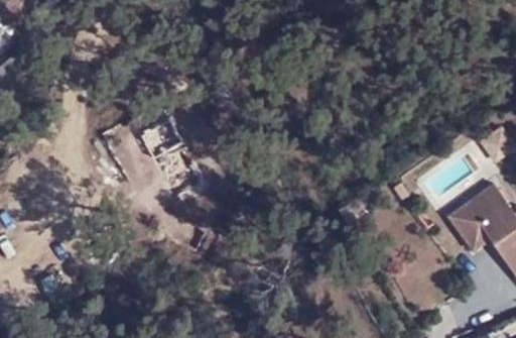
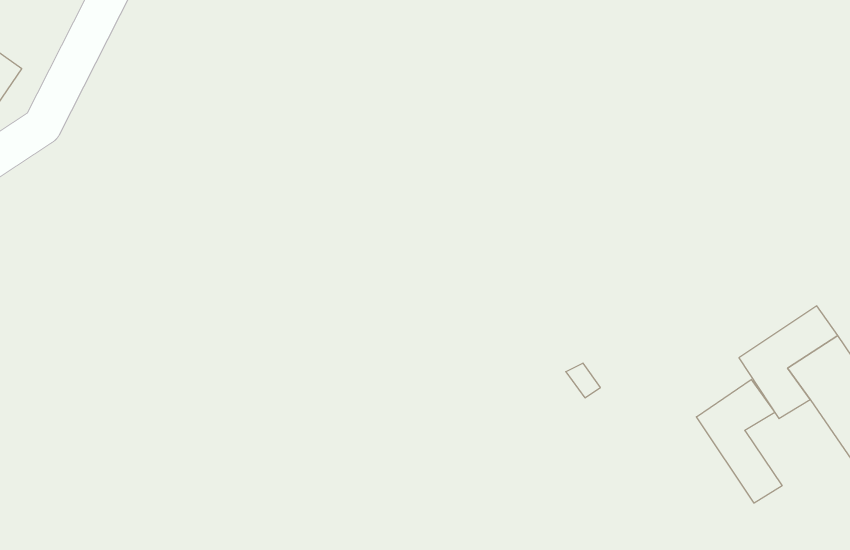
building: none -> [696,379,782,503]

